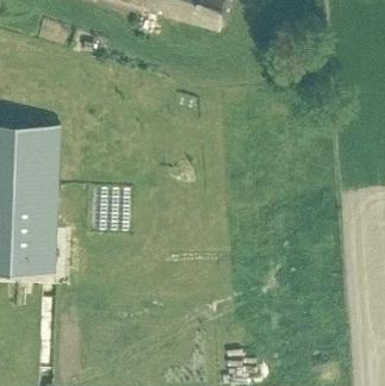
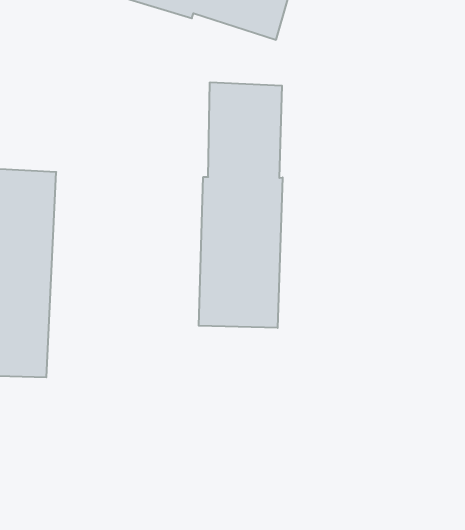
building: none -> [199,82,283,328]

